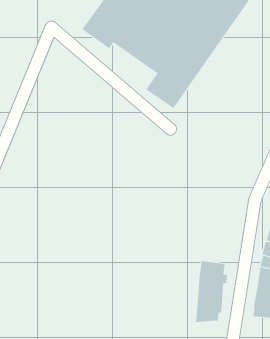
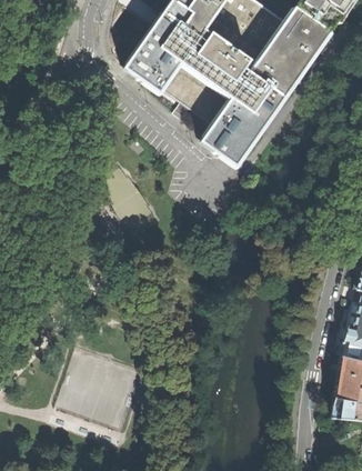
building: [195,260,228,323] -> none

